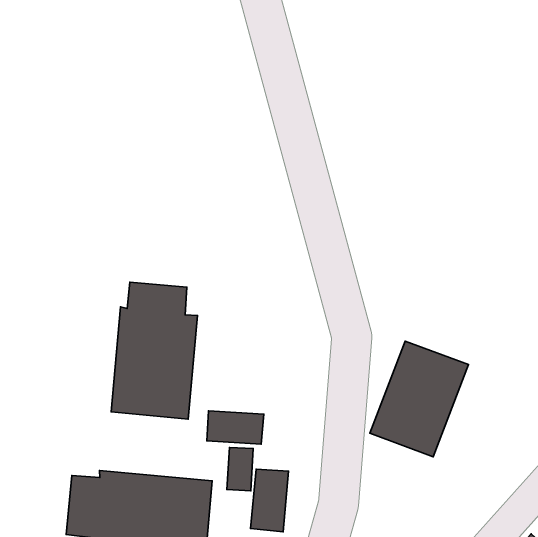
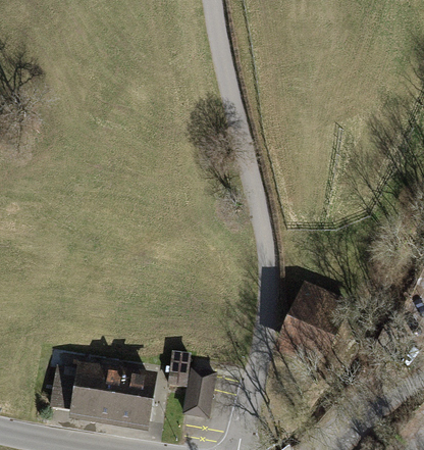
building: [111,282,197,419] -> none
building: [207,411,264,444] -> none

